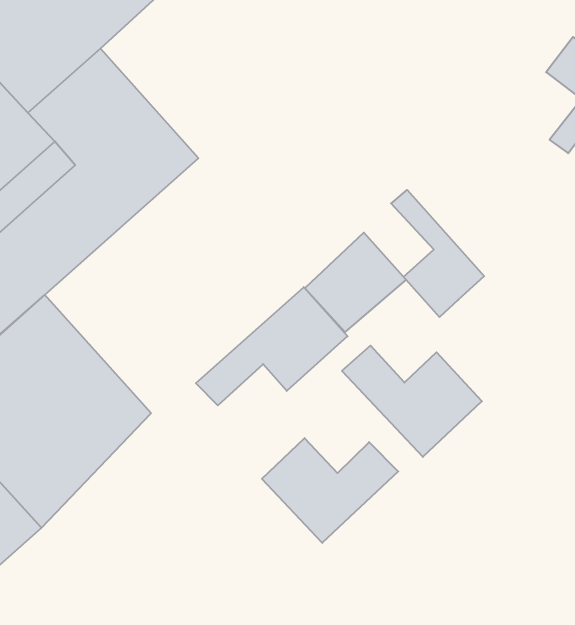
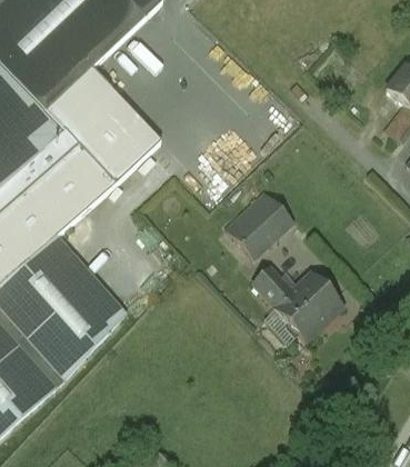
building: [391,190,484,317] -> none
building: [196,287,348,405] -> none
building: [262,438,398,543] -> none

